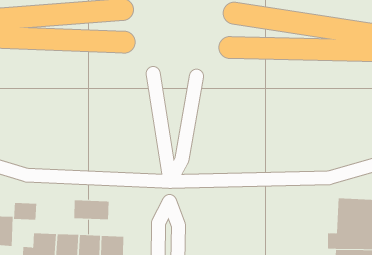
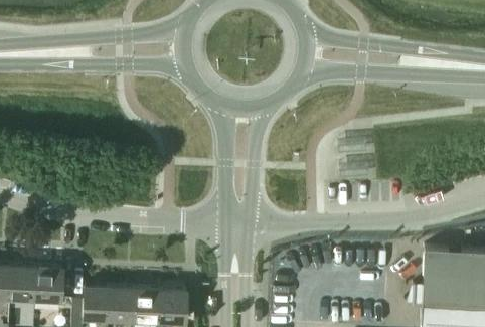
building: [74,199,109,220] -> none
building: [13,202,37,221] -> none

